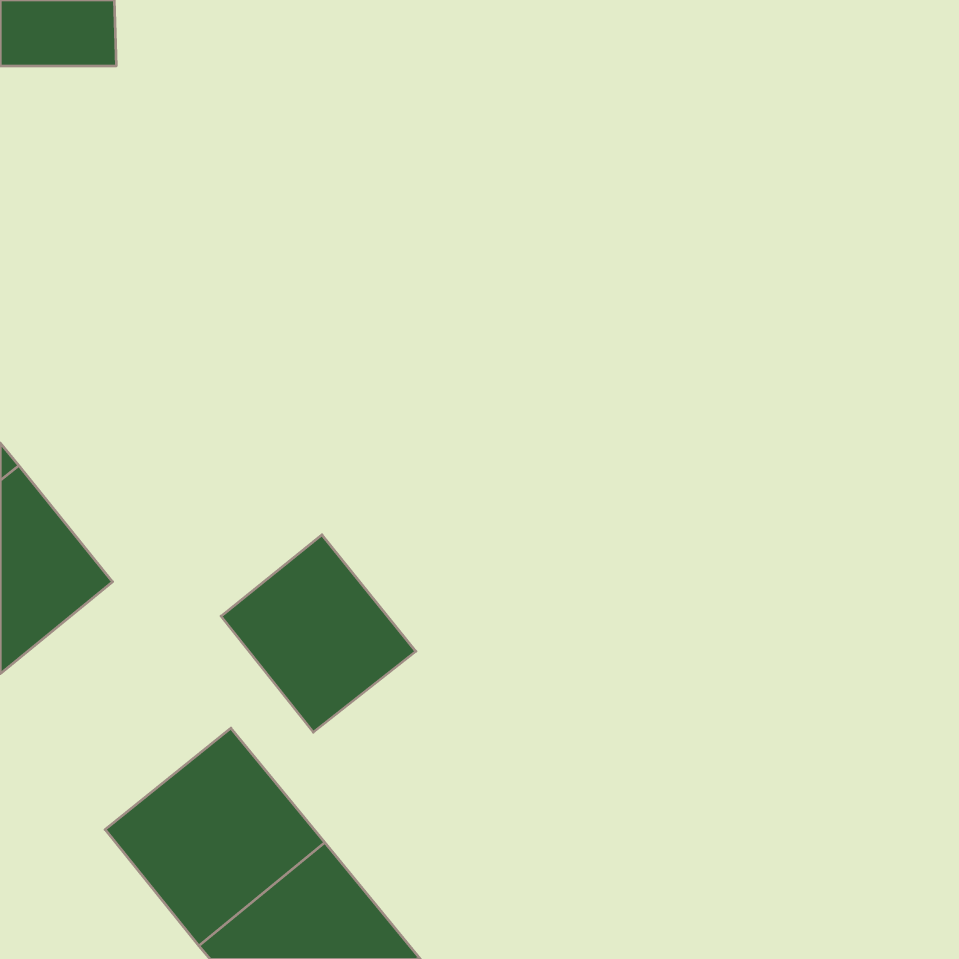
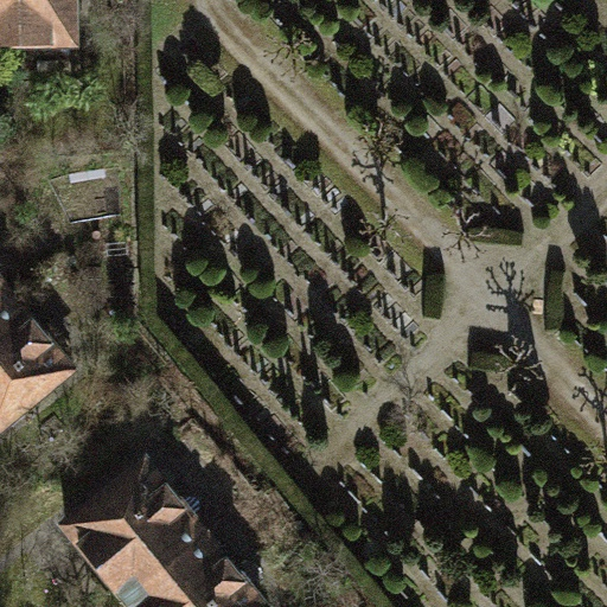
building: [221,535,416,732] -> none

